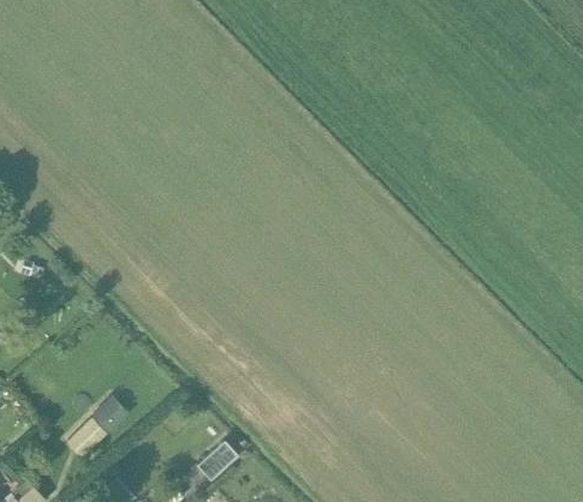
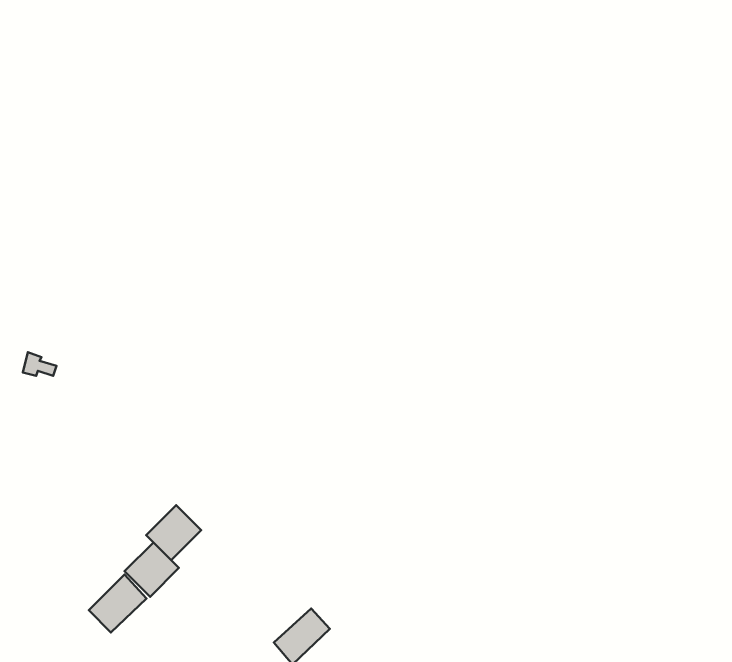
building: none -> [146,505,201,560]

